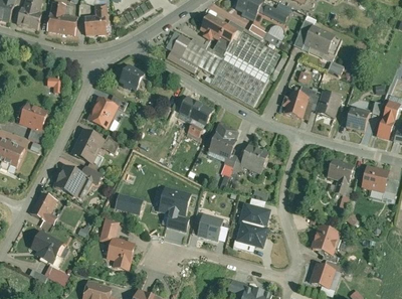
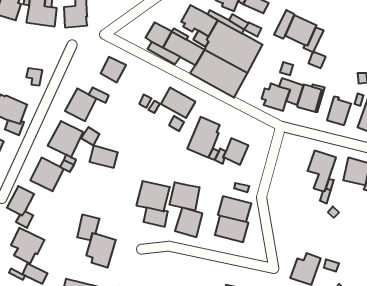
building: none -> [170,182,199,210]
building: [114,193,142,215] -> [89,145,118,168]
building: [311,226,340,256] -> none

